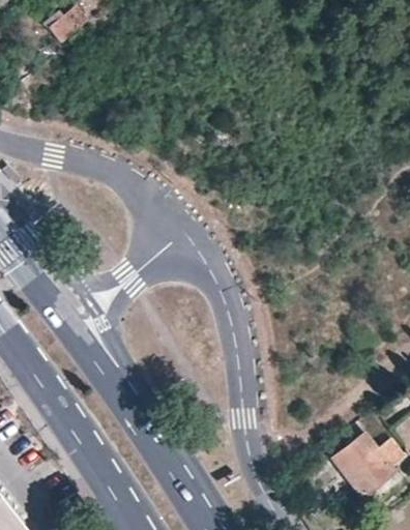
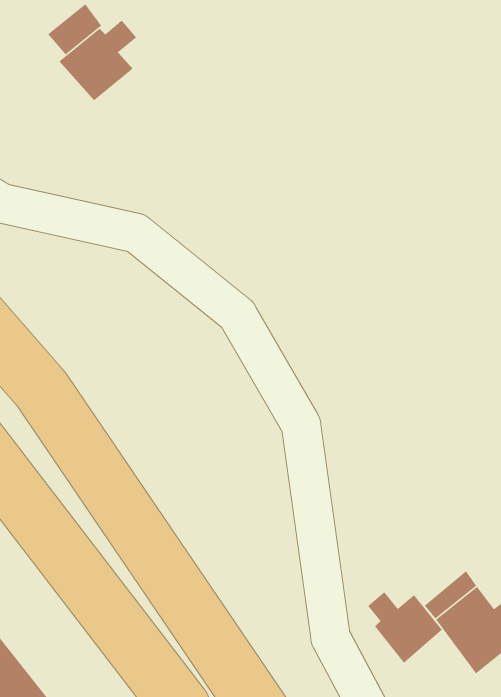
building: none -> [59,20,137,101]
building: none -> [367,591,443,664]

